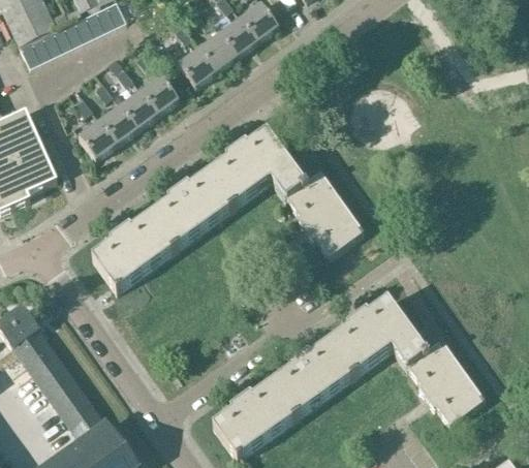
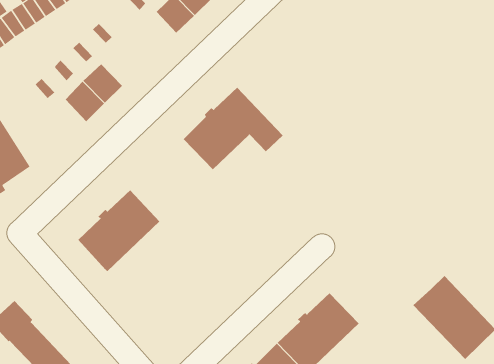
building: [178,46,216,86] -> none
building: [139,73,179,114] -> none
building: [77,119,117,158] -> none
building: [286,173,364,257] -> none
building: [150,174,232,250] -> none
building: [329,299,427,376] -> none

